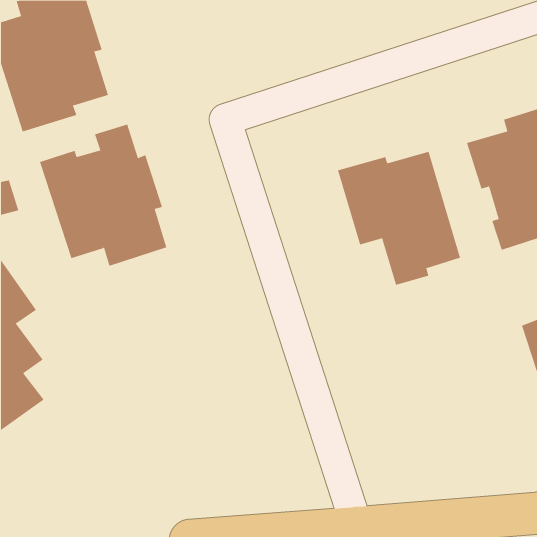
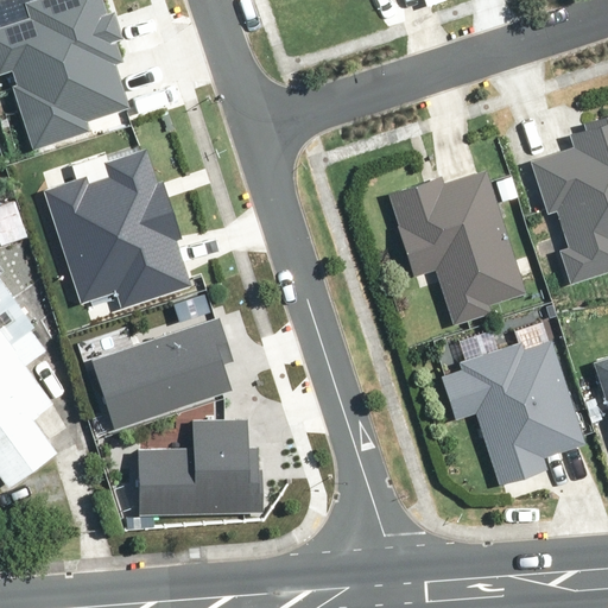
building: none -> [96,315,234,422]
building: none -> [437,344,582,486]
building: none -> [142,417,265,512]

